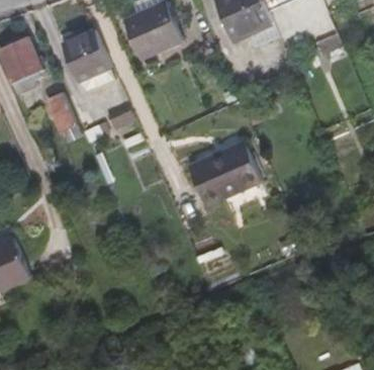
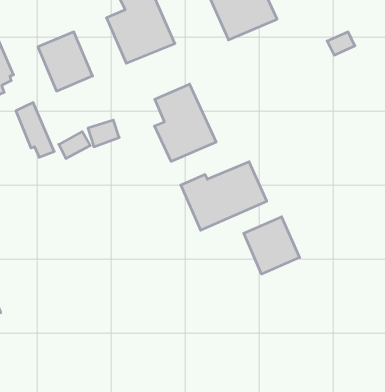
building: none -> [154,84,216,161]
building: none -> [244,217,300,274]

